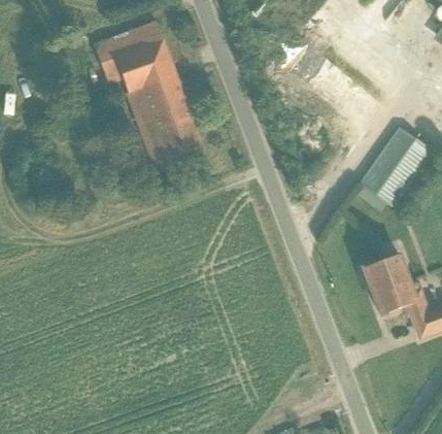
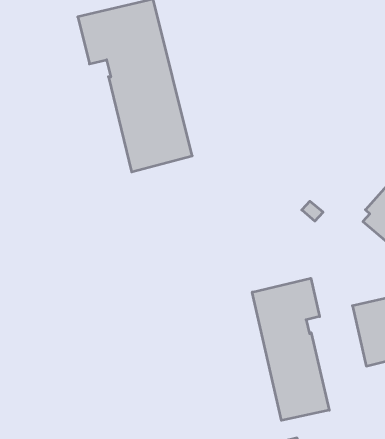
building: none -> [252,278,329,420]

